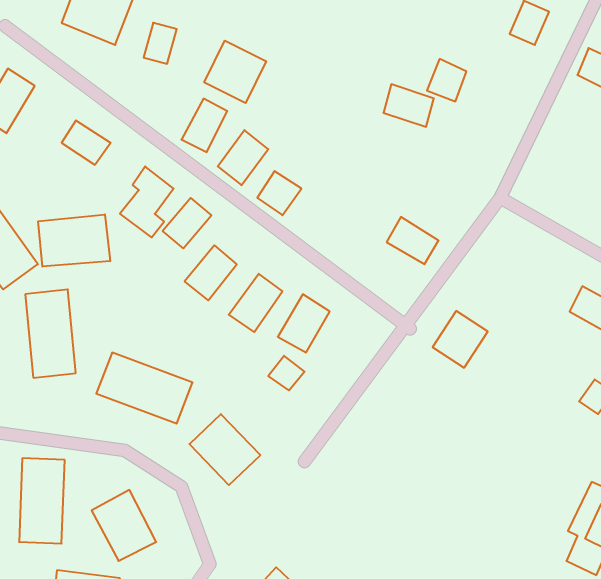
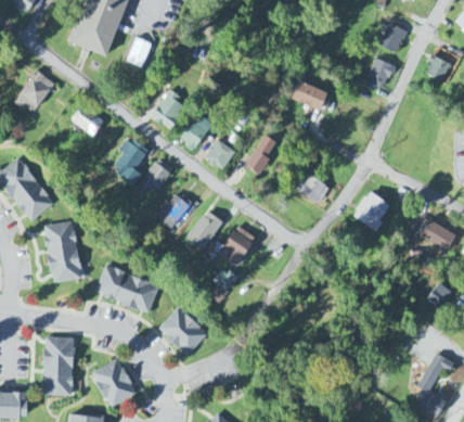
building: [204,41,266,103] -> none
building: [427,59,466,101] -> [366,57,394,87]
building: none -> [244,133,278,175]
building: [38,214,110,267] -> none
building: [433,311,488,368] -> [352,192,390,231]

